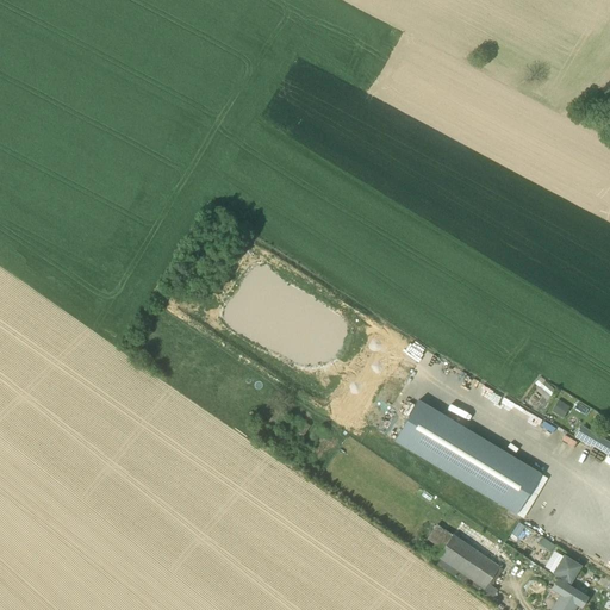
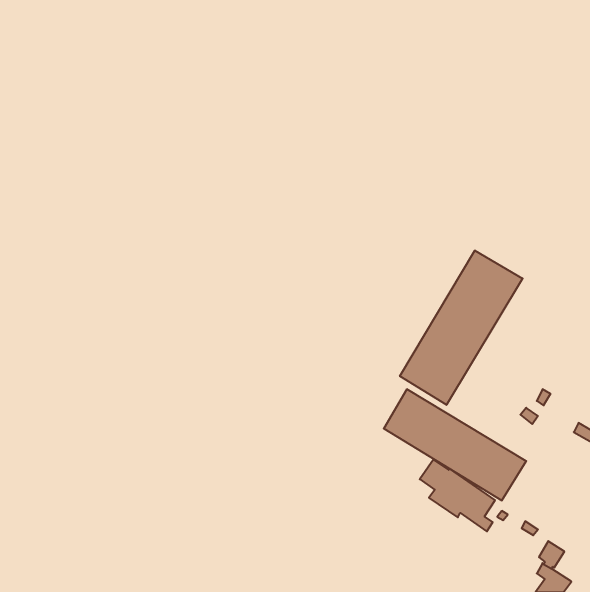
building: none -> [400,250,523,405]
building: [424,525,502,599] -> [420,460,495,531]

